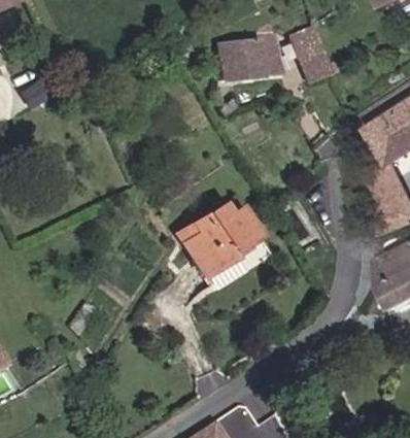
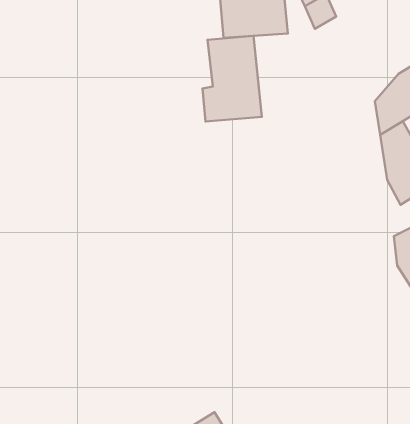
building: none -> [202,36,262,121]
building: [185,211,266,283] -> none

